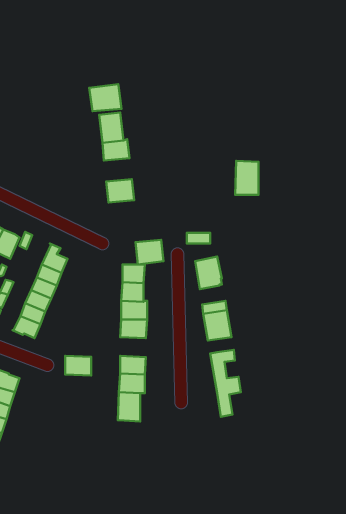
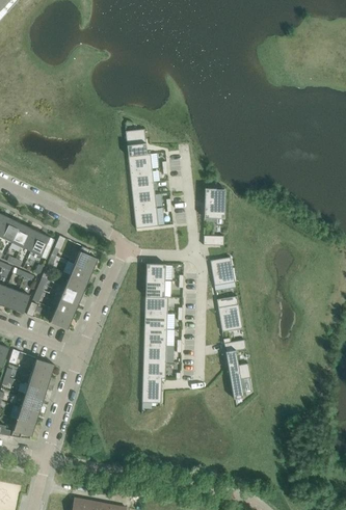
building: [89,84,122,111] -> none
building: none -> [129,169,154,190]
building: [235,161,258,195] -> [204,188,224,218]
building: [135,240,163,265] -> [133,207,158,229]
building: [65,356,91,376] -> [143,328,166,346]

